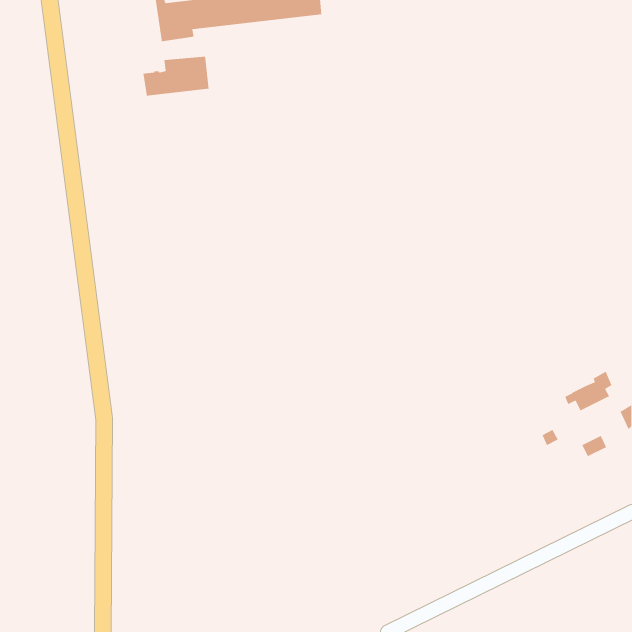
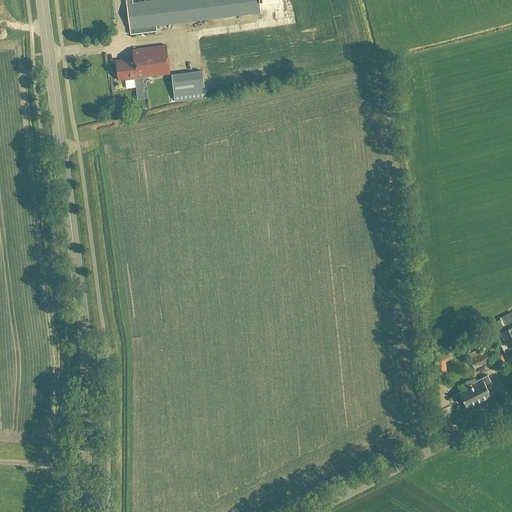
building: none -> [171,71,204,101]
building: [564,371,613,412] -> [453,374,492,407]

